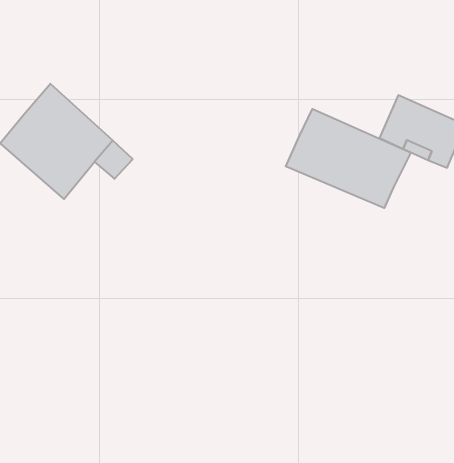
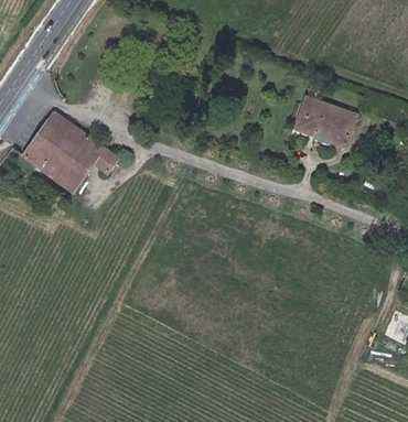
building: [286,109,411,208] -> none

